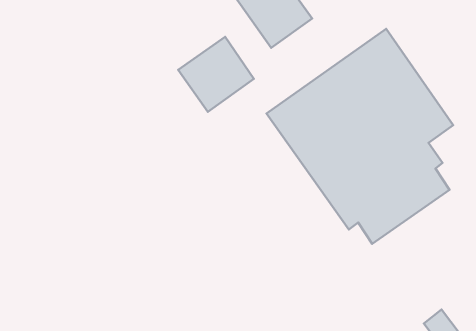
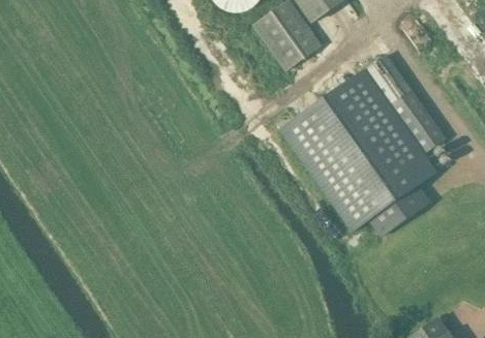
building: [178,37,254,112] -> none

